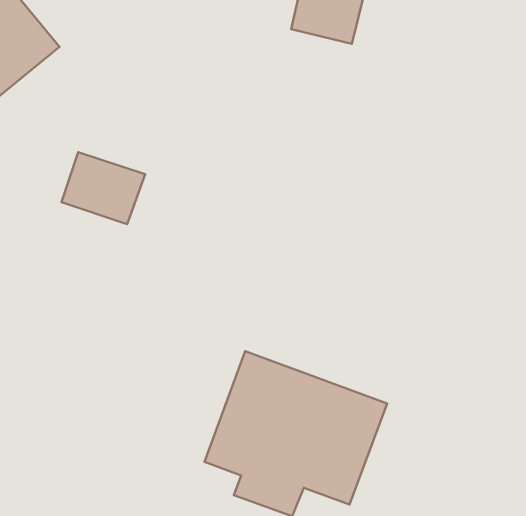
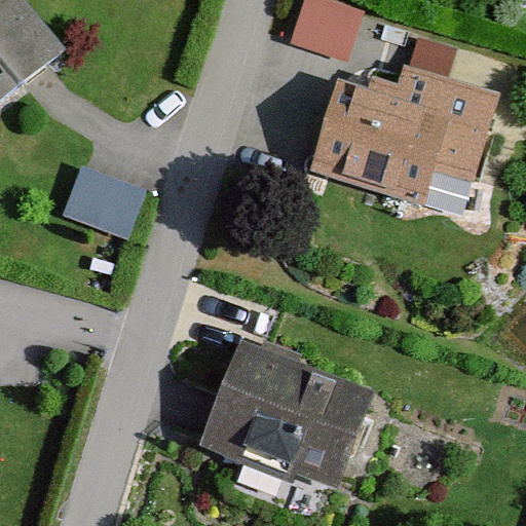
building: none -> [317,30,497,205]

